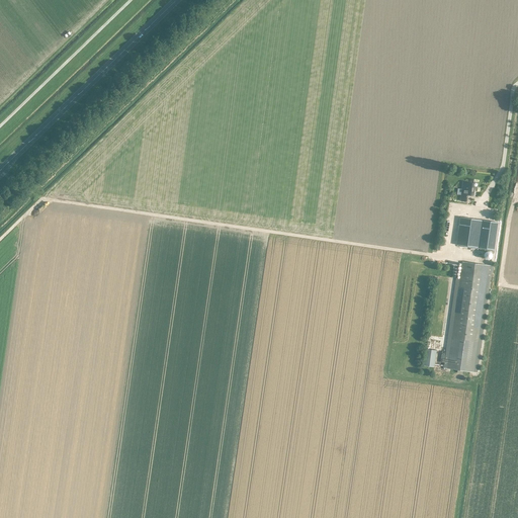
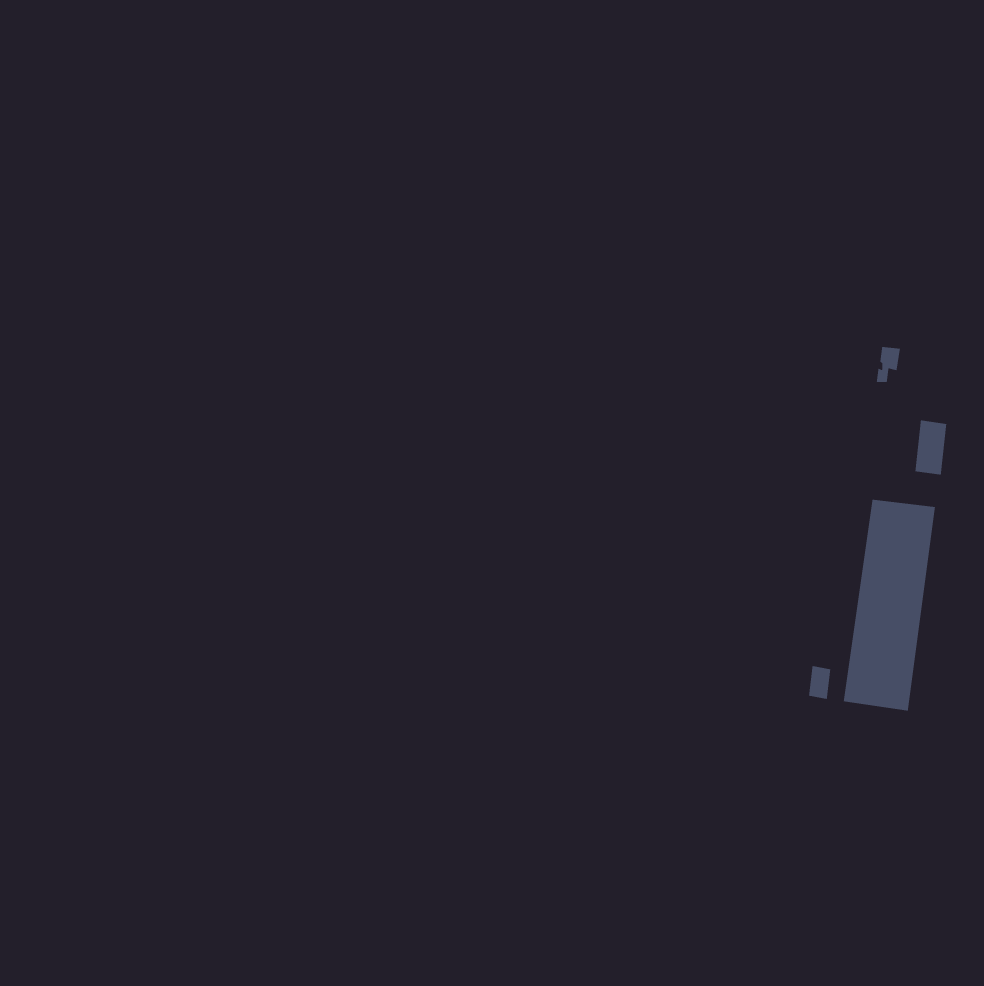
building: [454,217,482,247] -> none

